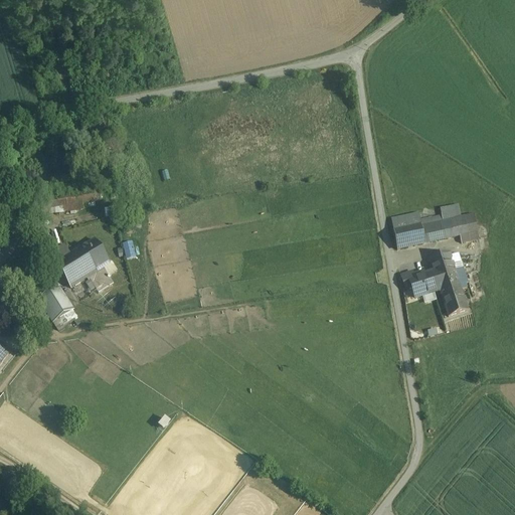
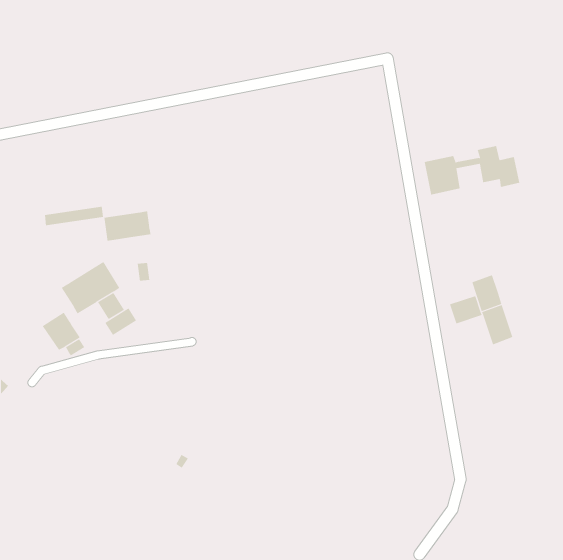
building: none -> [104,211,151,241]
building: [392,202,480,247] -> [424,145,520,195]
building: none -> [105,308,137,336]

